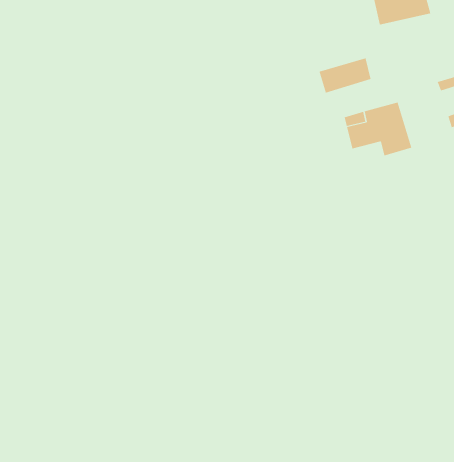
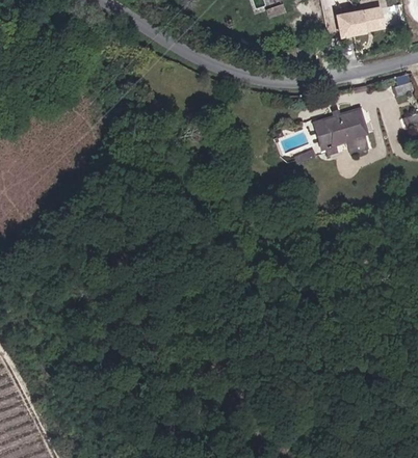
building: [319,58,371,93] -> none

